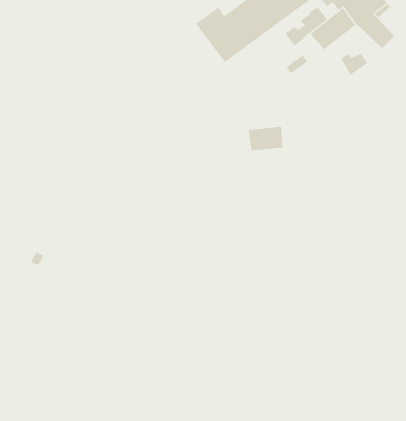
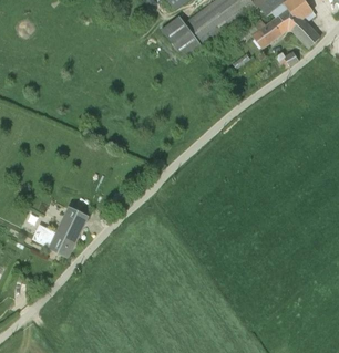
building: [248,126,283,151] -> none
building: none -> [32,208,89,258]

